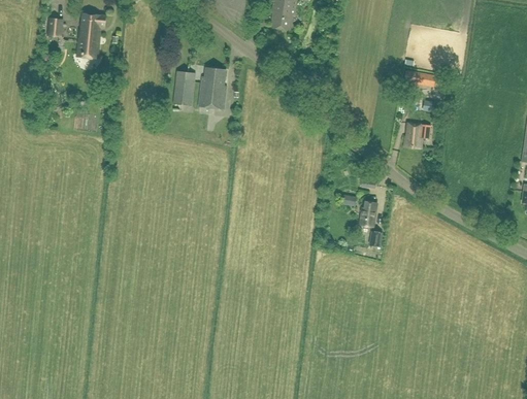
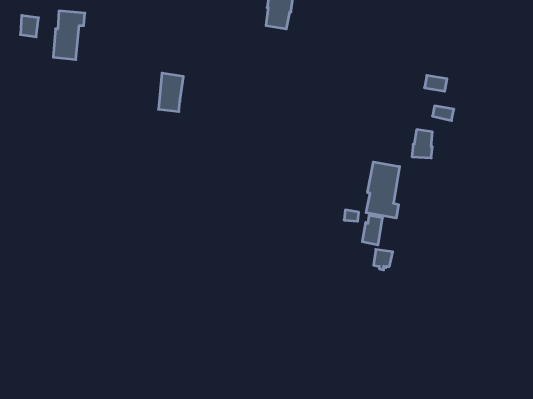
building: [198,68,226,108] -> none
building: none -> [366,162,400,218]

